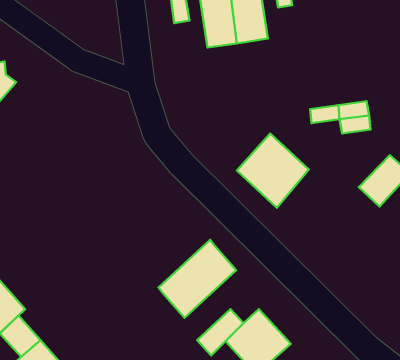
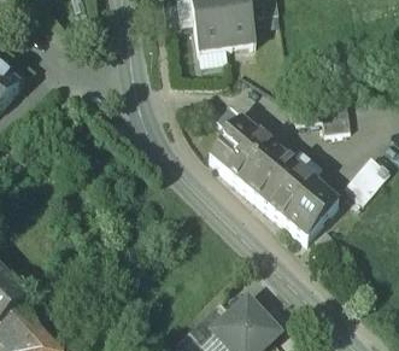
building: none -> [212,118,259,166]
building: none -> [265,165,339,238]
building: [158,240,236,318] -> none

